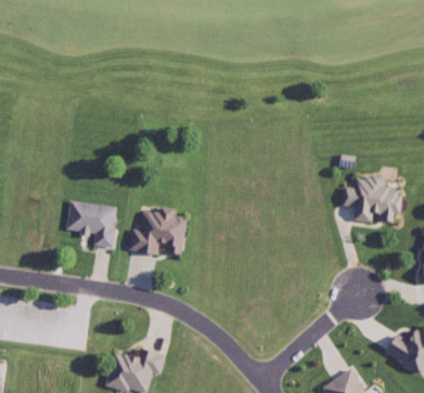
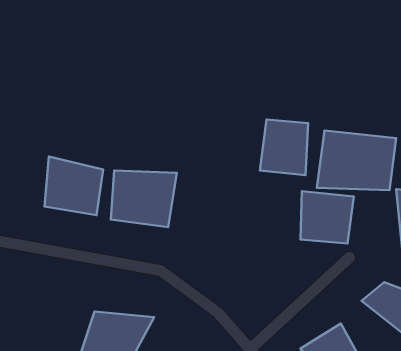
building: none -> [260,120,308,175]
building: none -> [300,191,354,244]

